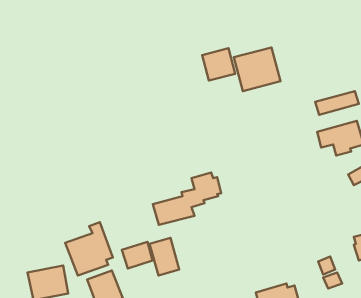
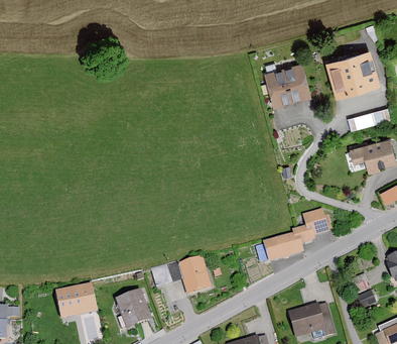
building: none -> [325,47,381,96]
building: [202,48,235,81] -> none
building: [153,172,221,225] -> [262,209,332,262]
building: [65,222,113,275] -> none

